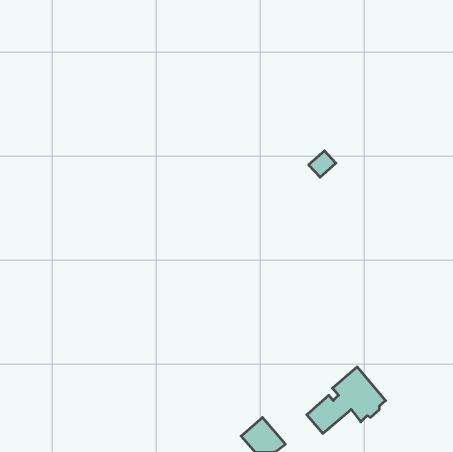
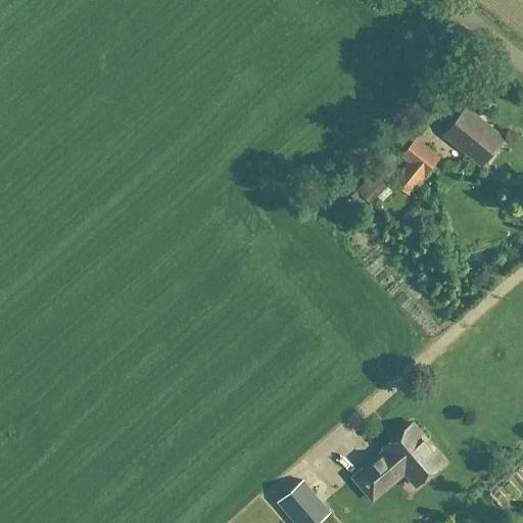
building: none -> [443,108,503,167]
building: none -> [391,138,439,196]

